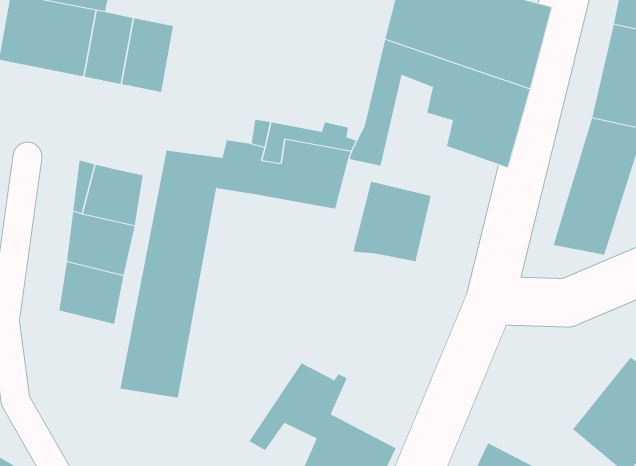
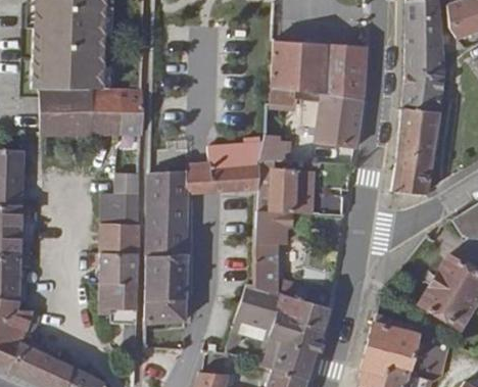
building: none -> [252,215,329,332]
building: none -> [99,281,135,339]

